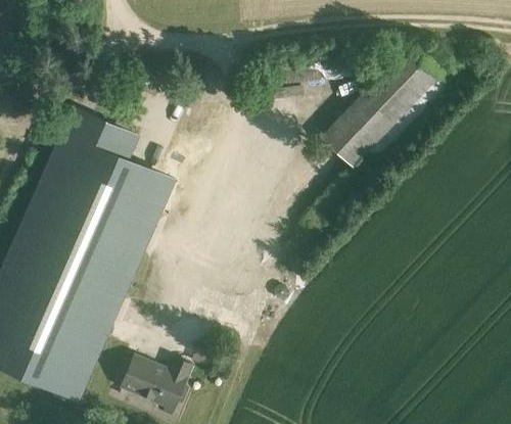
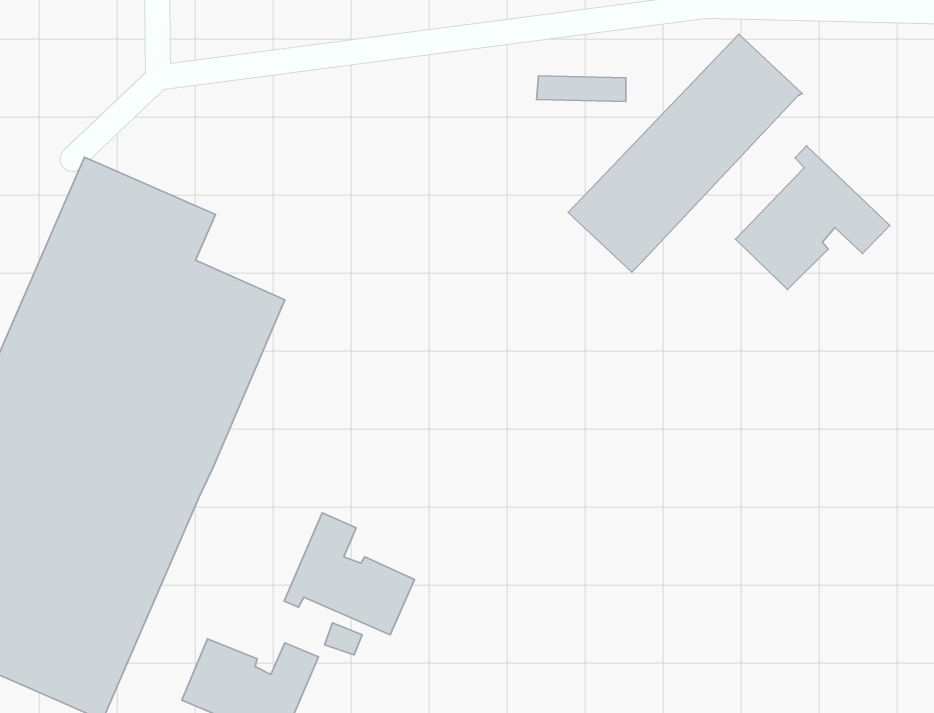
building: none -> [735,146,890,290]
building: none -> [284,513,415,635]

